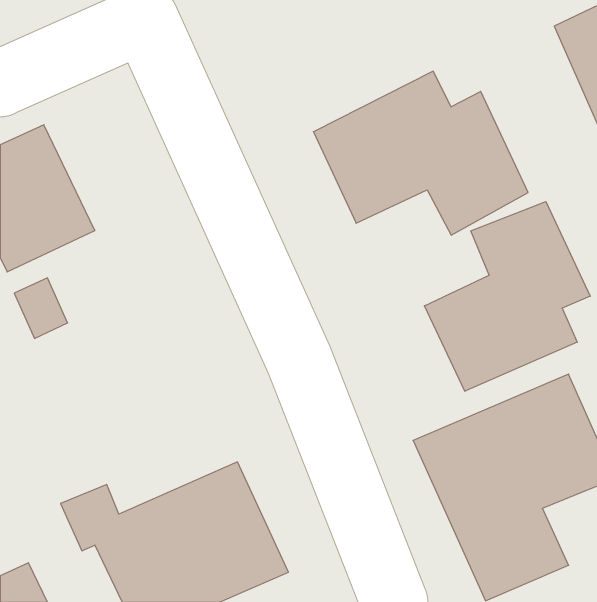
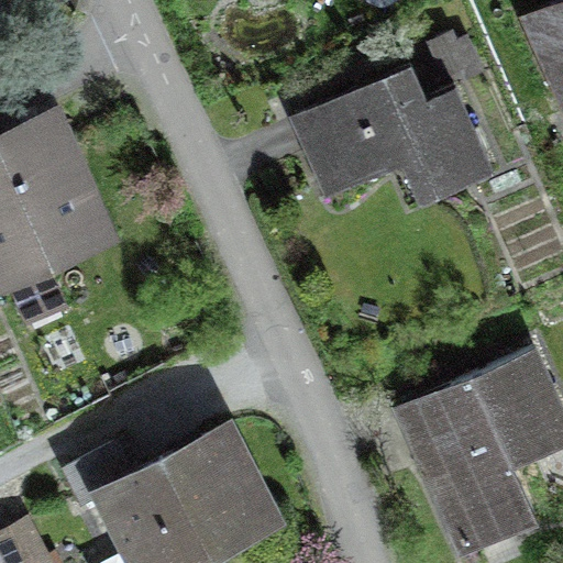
building: [424,202,590,391] -> none

